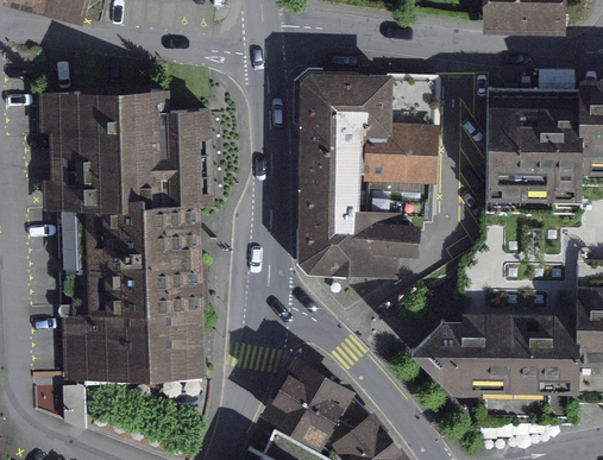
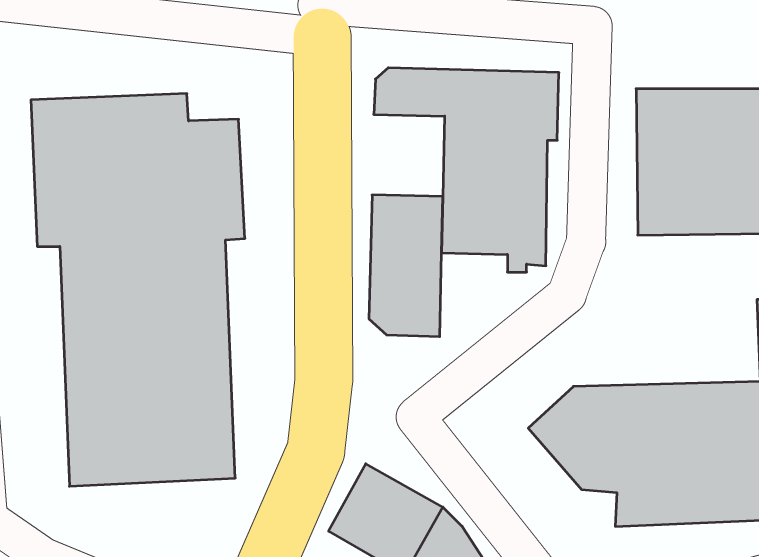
building: [301,109,354,170] -> none
building: [351,212,415,275] -> none

